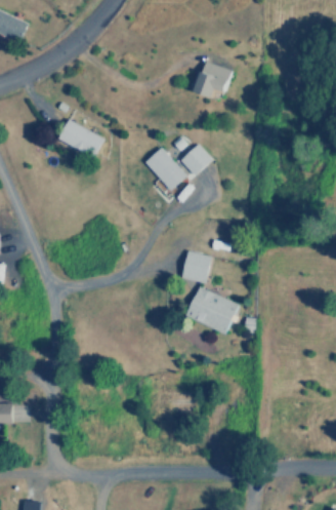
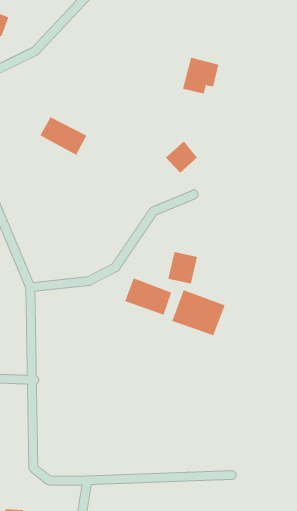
building: [144,147,185,190] -> none
building: none -> [124,277,172,316]

